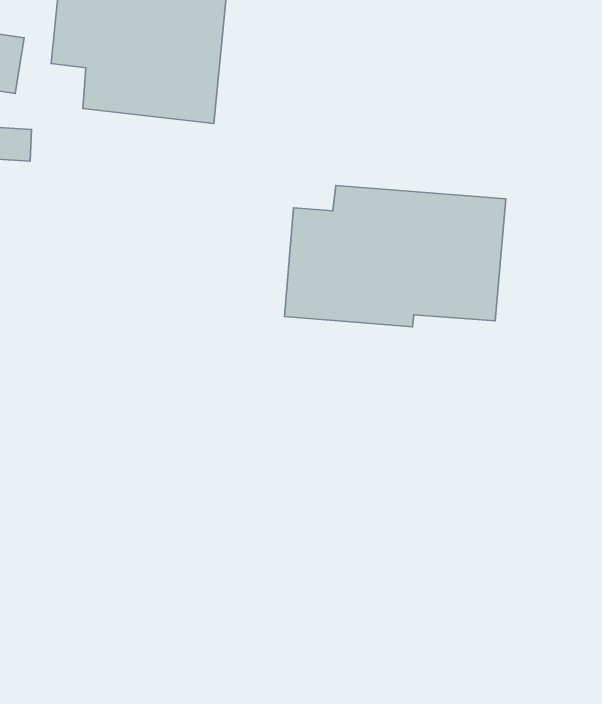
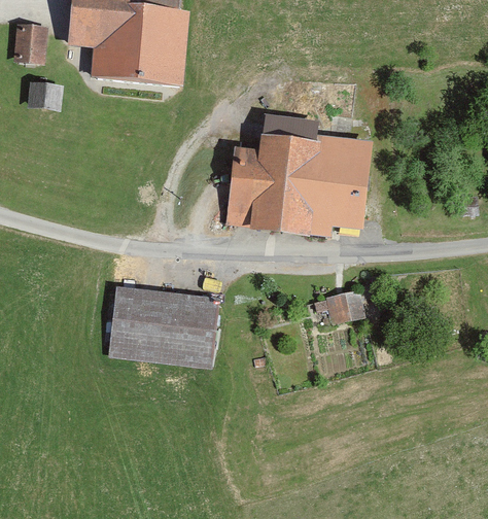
building: none -> [106,284,217,368]
building: none -> [318,292,357,326]

